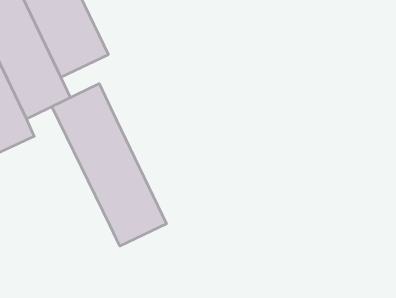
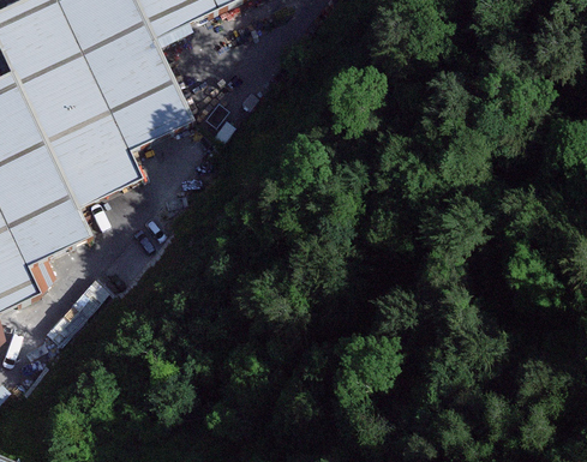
building: [52,84,166,246] -> none

